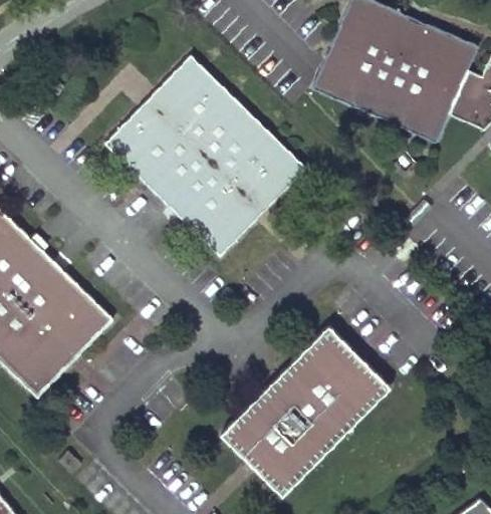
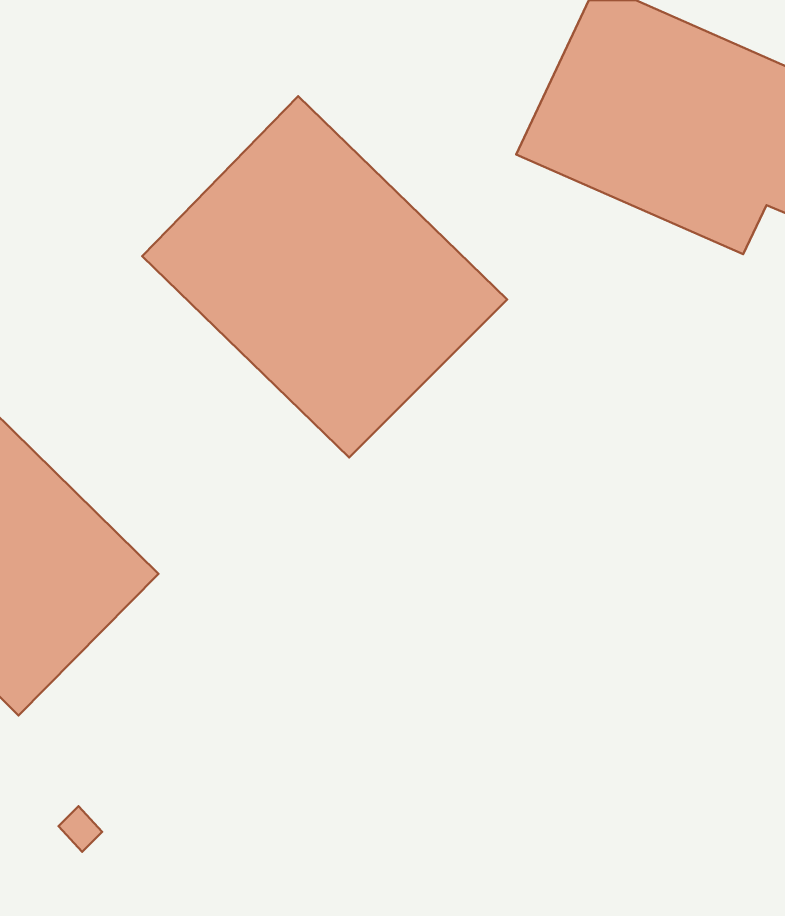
building: [220,324,391,497] -> none

